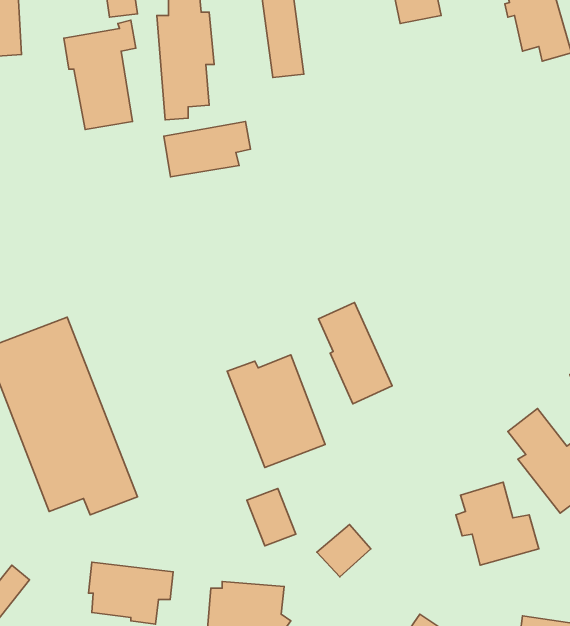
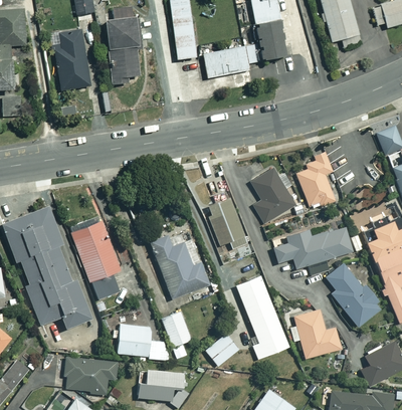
building: none -> [256,20,287,59]
building: [164,121,250,177] -> [204,44,257,78]
building: none -> [296,152,335,206]
building: none -> [250,168,294,222]
building: none -> [69,215,122,299]
building: none -> [269,226,351,275]
building: none -> [236,267,289,359]
building: none -> [113,324,171,361]

